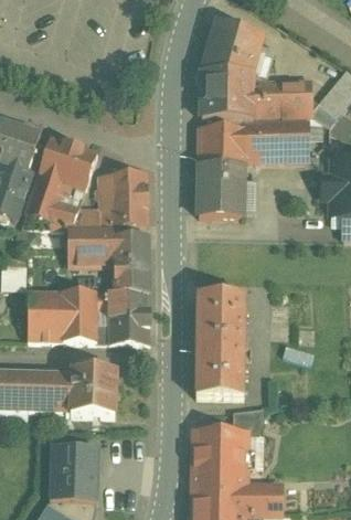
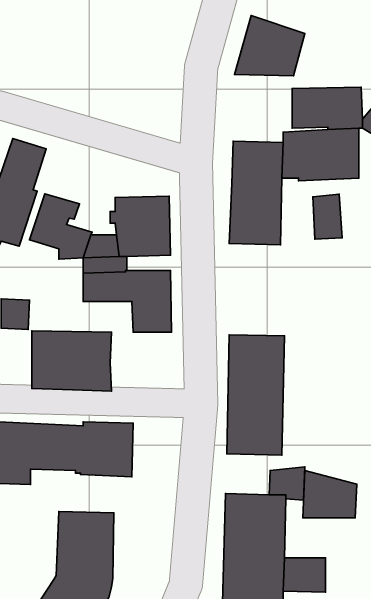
building: [201,67,253,116] -> none
building: [39,135,97,185] -> none
building: none -> [313,194,342,239]
building: [95,289,149,340] -> none
building: none -> [303,471,357,518]

